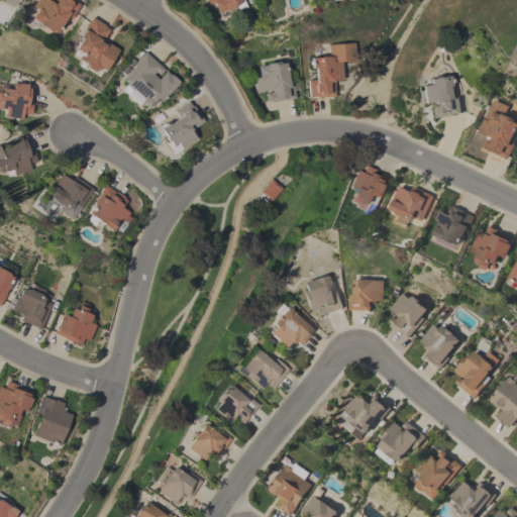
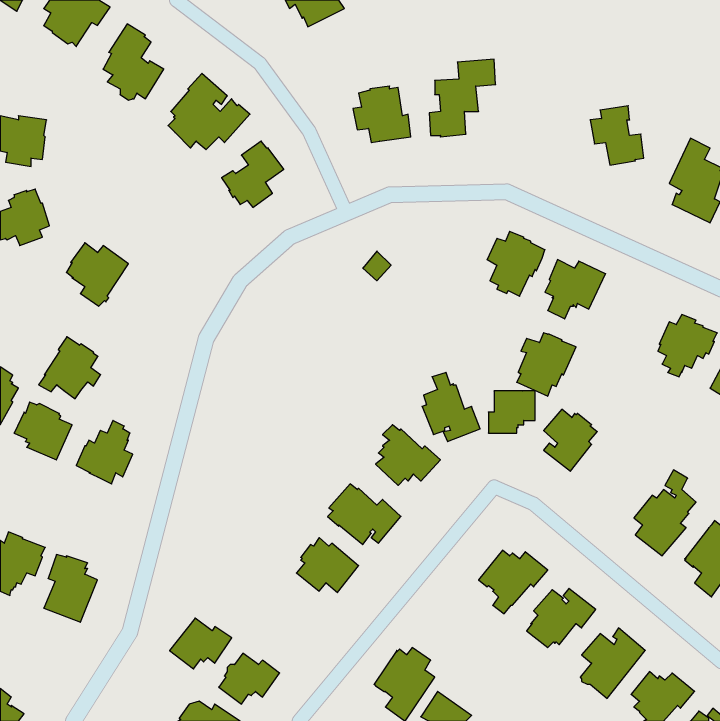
building: [85,186,129,230] -> [39,337,101,399]
building: [432,206,475,251] -> [517,333,576,396]
building: [420,324,460,370] -> none
building: [186,424,230,460] -> [170,618,232,669]

